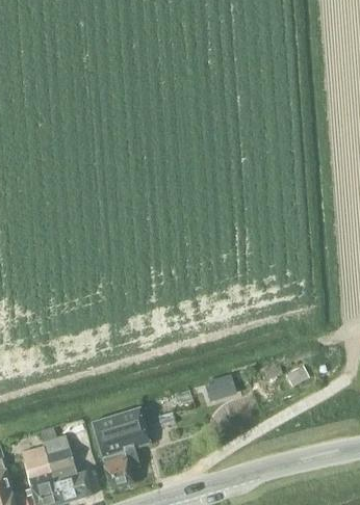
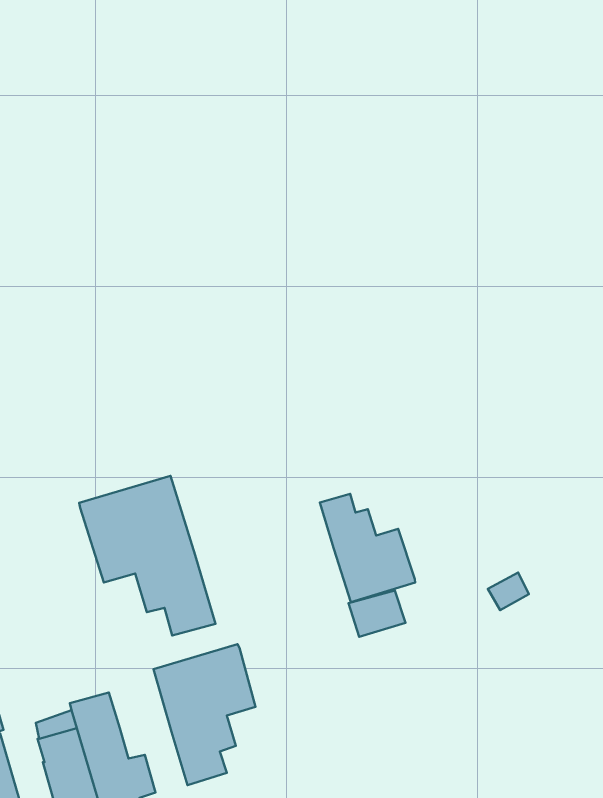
building: none -> [79,476,215,636]
building: none -> [320,494,415,602]

